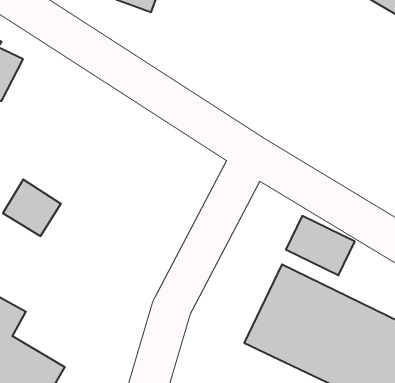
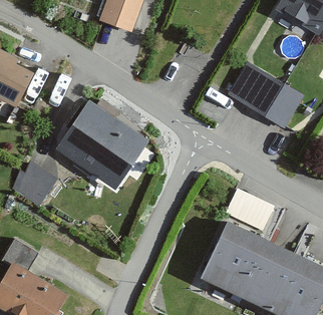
building: none -> [228,64,302,128]
building: none -> [63,101,147,182]

